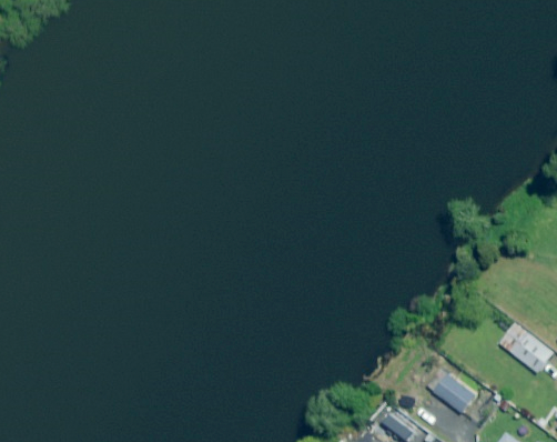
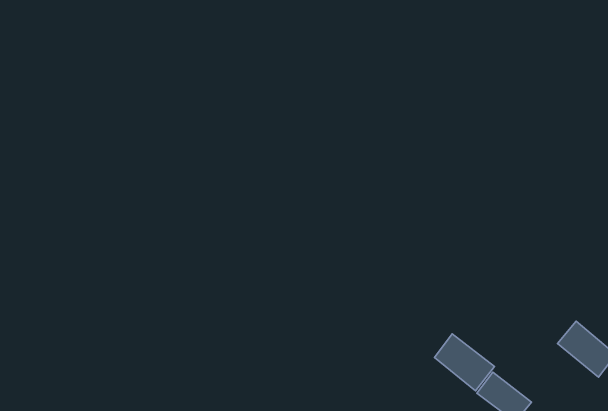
building: none -> [434,334,494,391]

